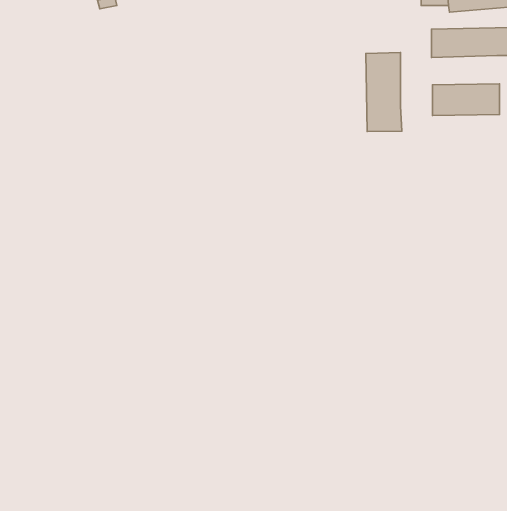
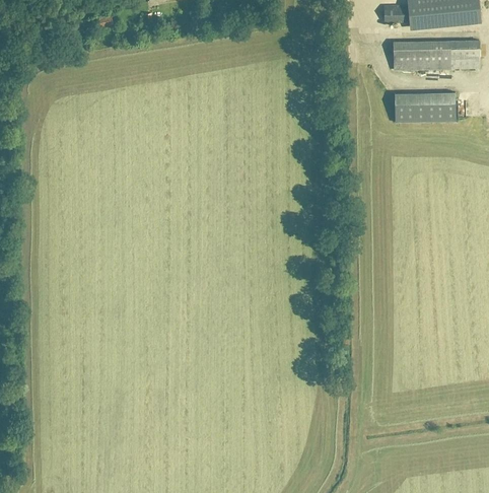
building: [366,52,402,131] -> none

